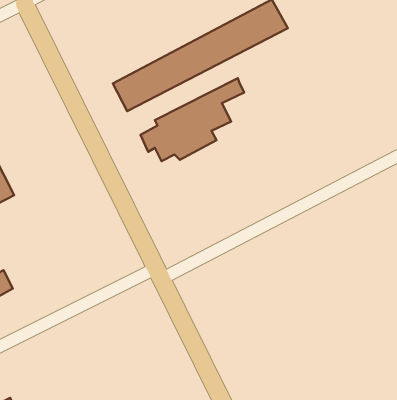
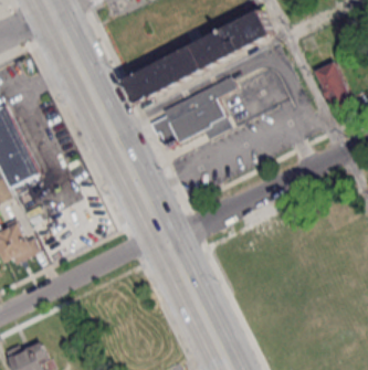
building: none -> [317,63,354,112]

